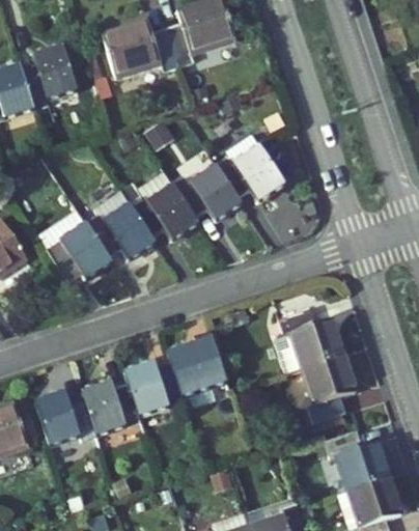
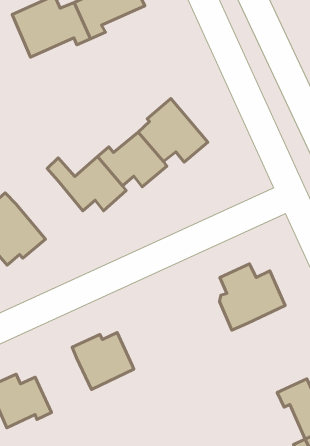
building: [85,203,156,259] -> none
building: [168,342,227,396] -> none
building: [304,354,355,421] -> none
building: [83,382,142,435] -> none

